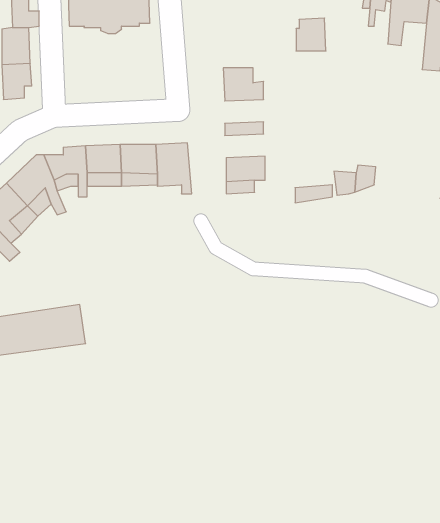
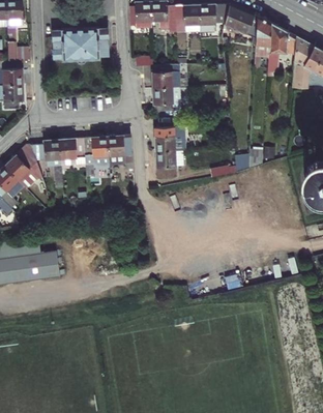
building: [296,18,326,51] -> [155,63,176,86]
building: none -> [156,131,184,148]

